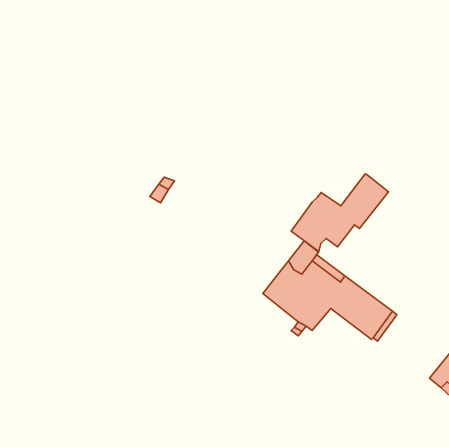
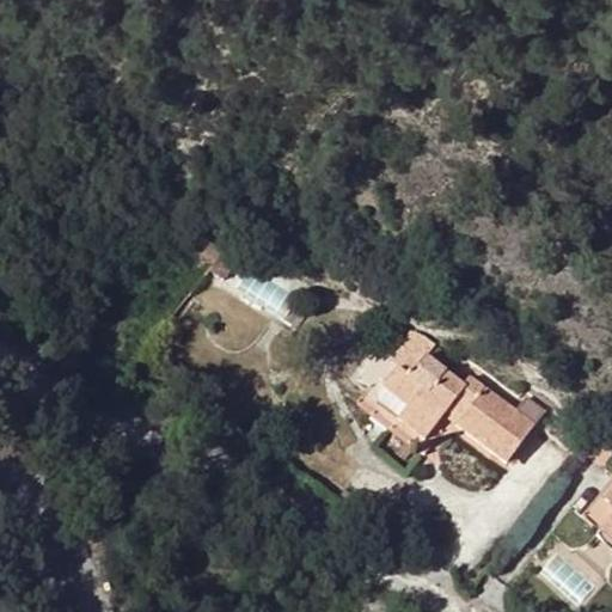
building: [291,174,388,251] -> none

